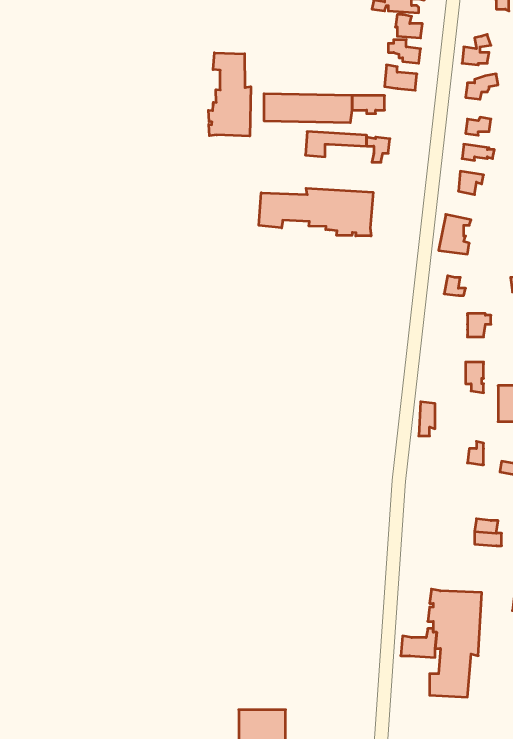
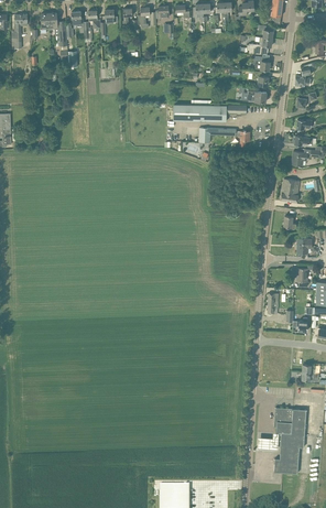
building: [208,53,251,136] -> none
building: [259,188,373,236] -> none

